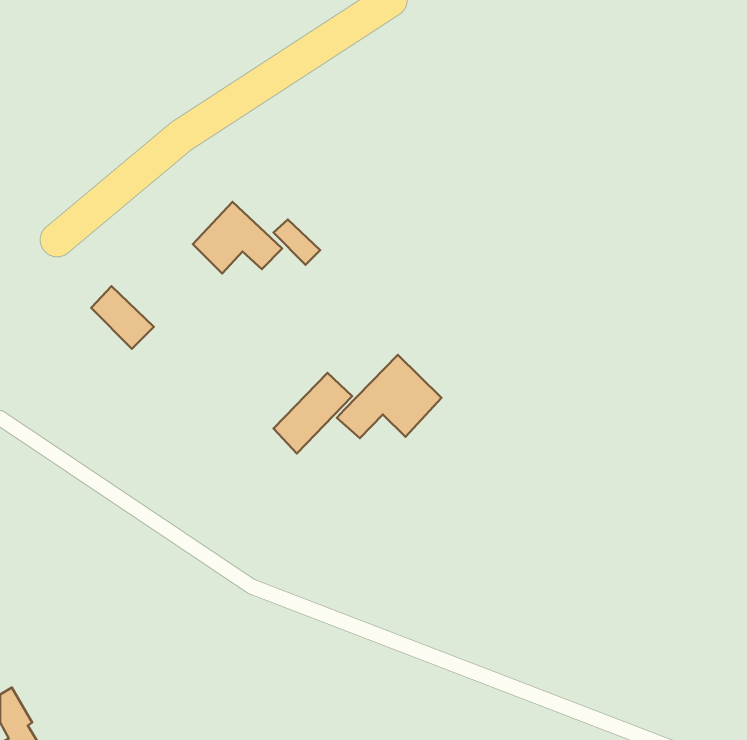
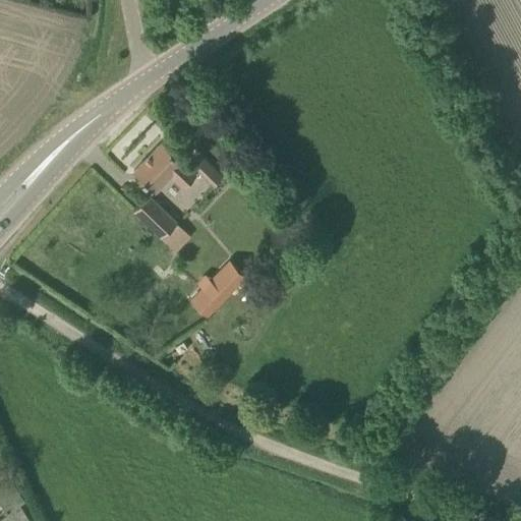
building: [91,286,154,349] -> [133,198,177,242]
building: [337,355,442,438] -> none

